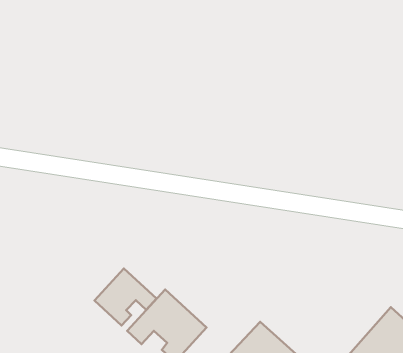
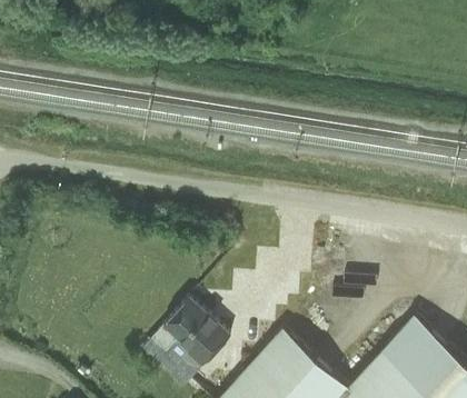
building: [95,269,157,326] -> none

